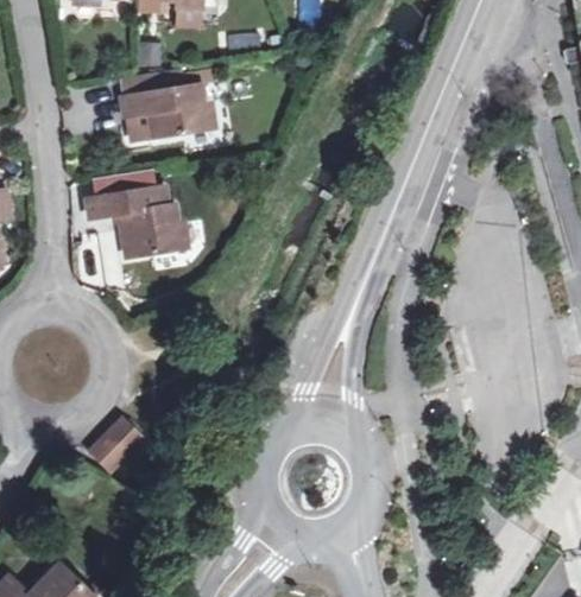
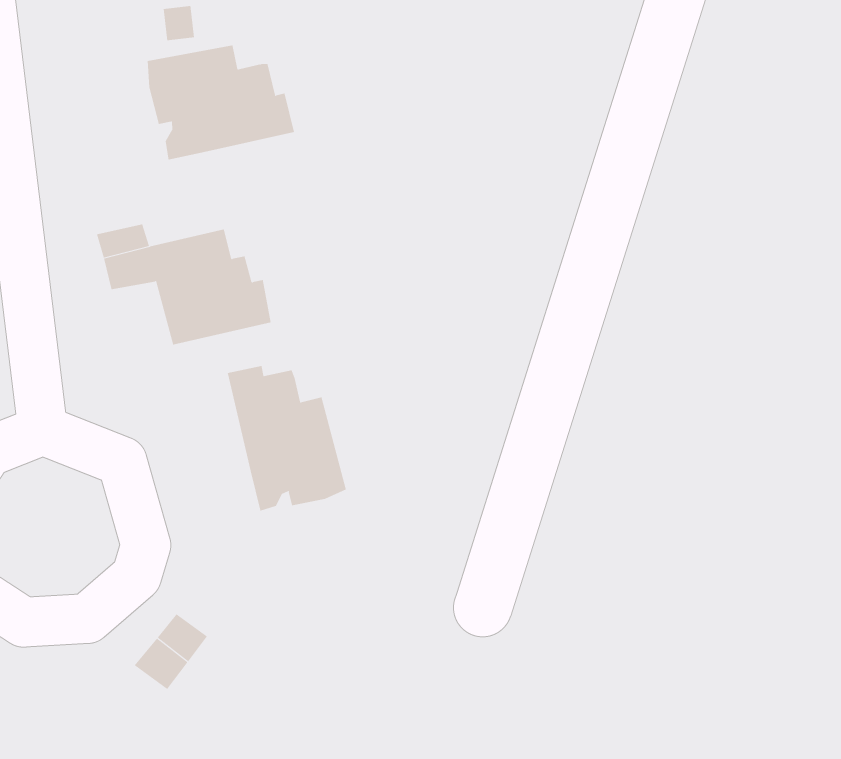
building: none -> [227,365,346,512]

